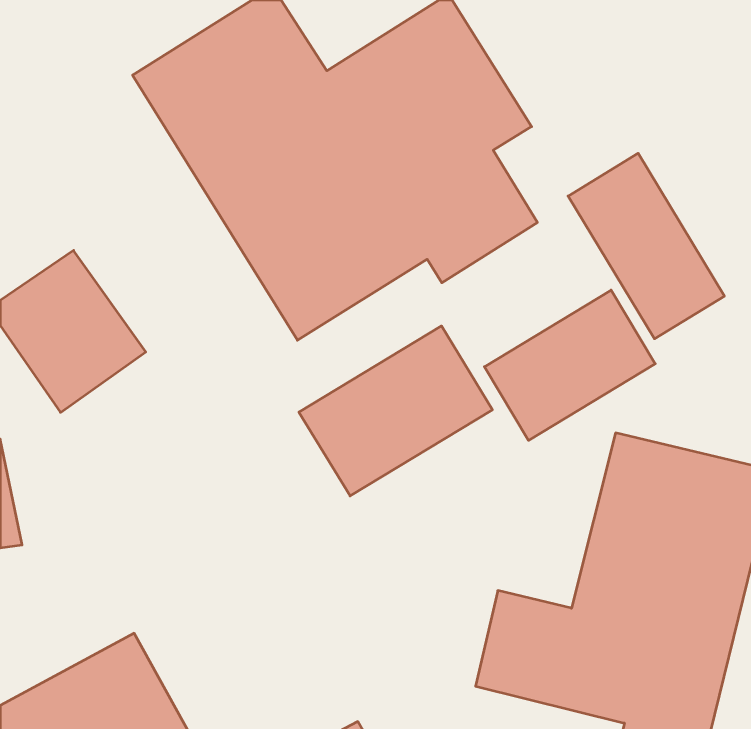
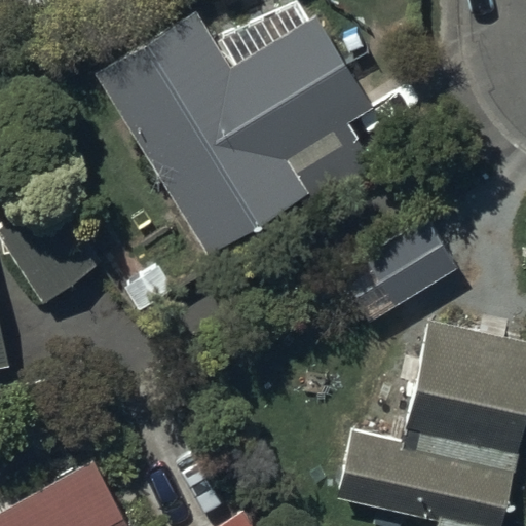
building: [568,153,724,339] -> none
building: [299,326,492,496] -> none

